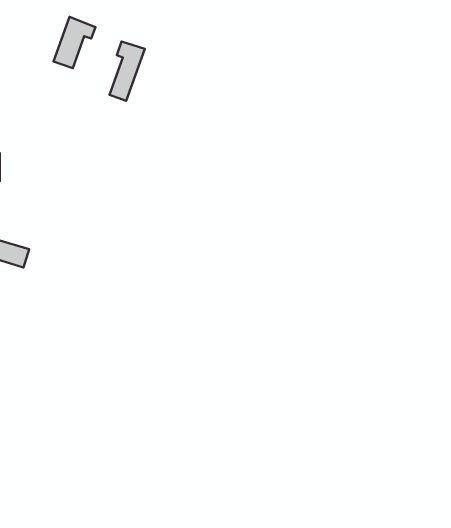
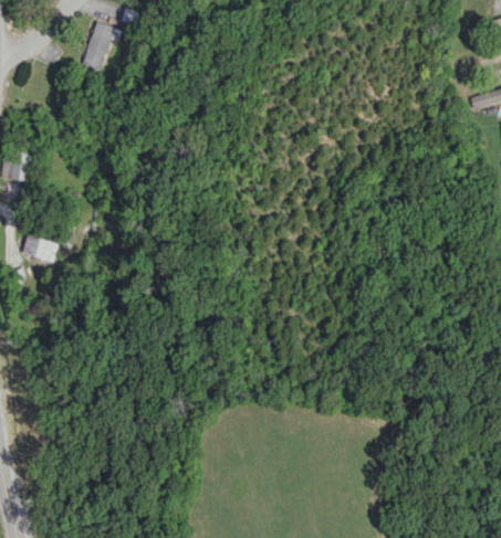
building: [109,42,145,101] -> none

